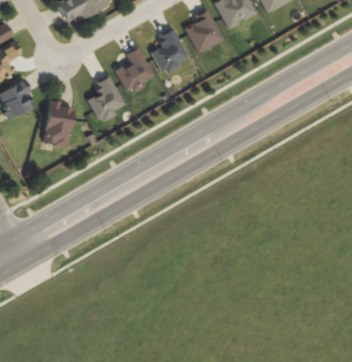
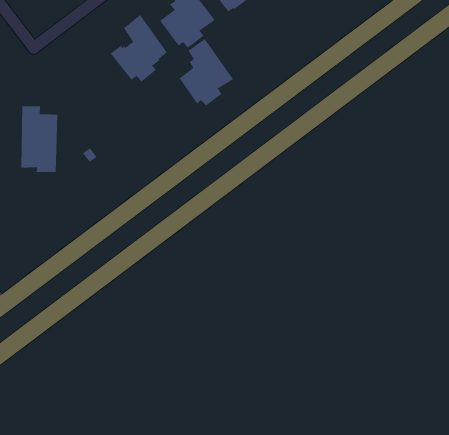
building: [87,74,125,121] -> [179,38,234,106]

